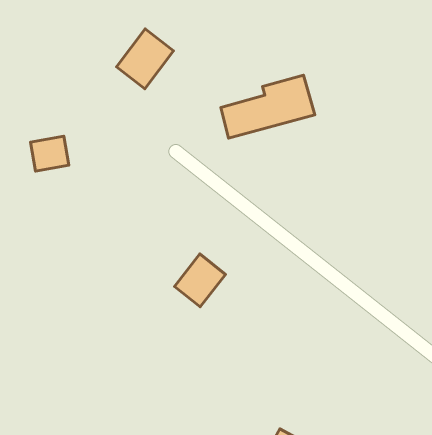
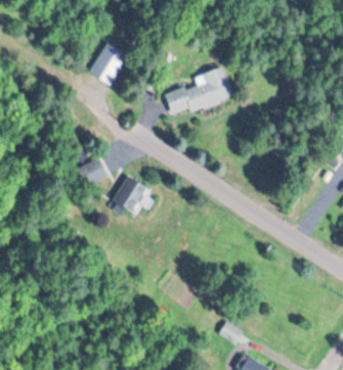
building: [30,136,69,171] -> [77,158,105,185]
building: [174,254,226,307] -> [112,176,147,214]

